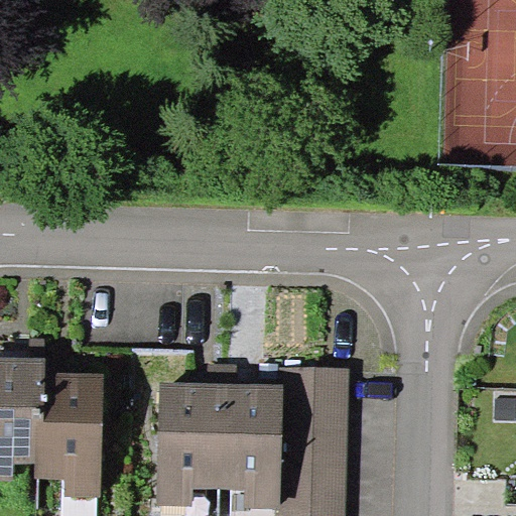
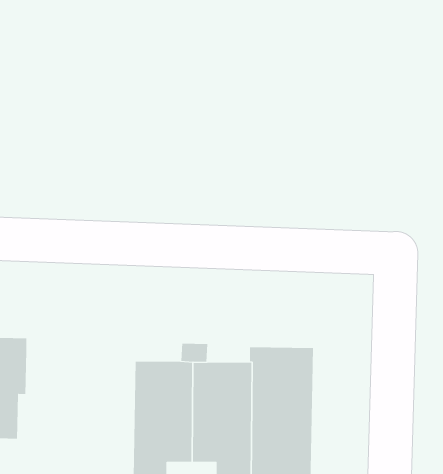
building: [32,373,102,498] -> none

